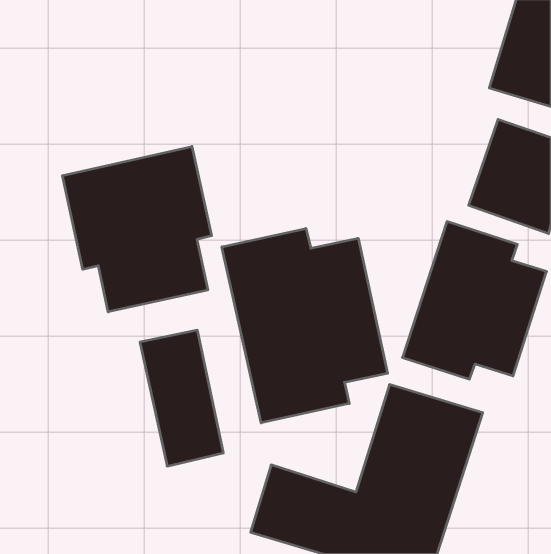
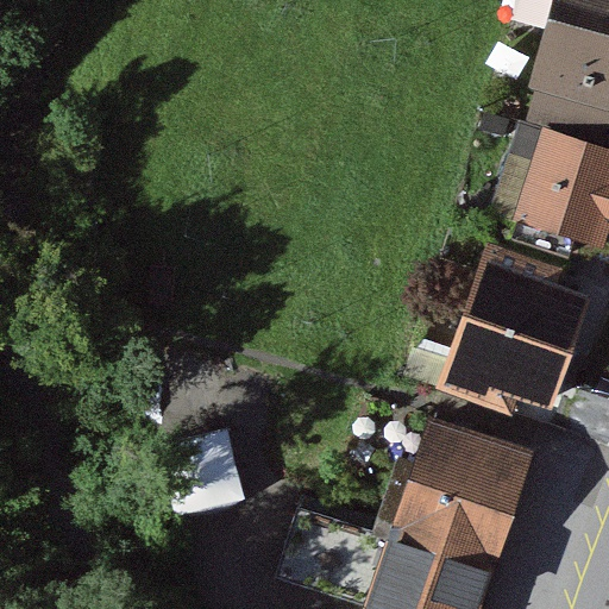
building: [62,146,212,312] -> none
building: [222,228,388,423] -> none

